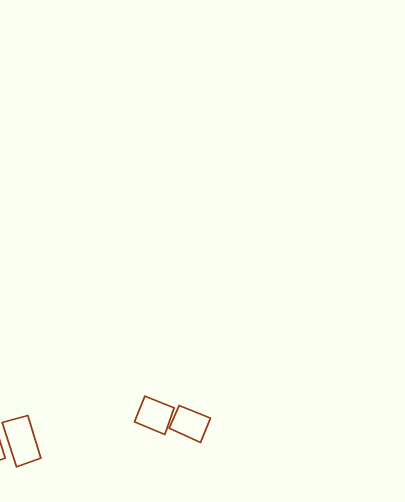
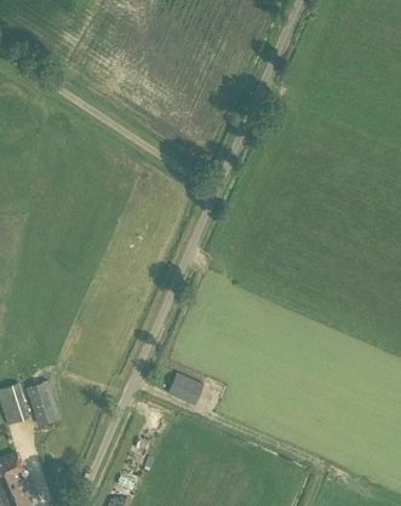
building: [134,396,174,434] -> none

